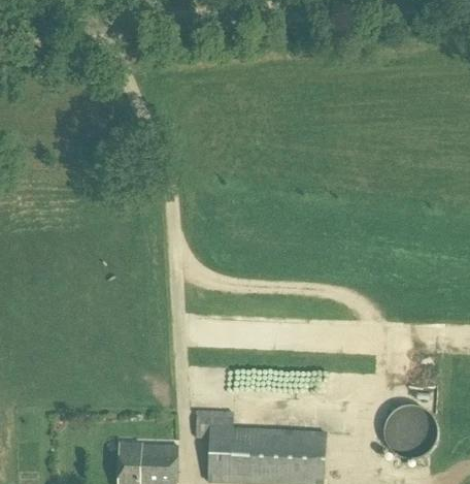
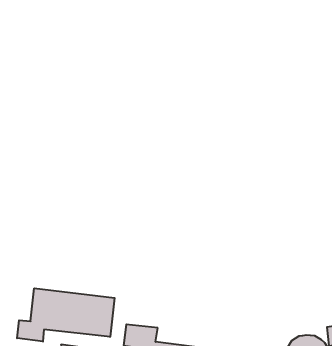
building: none -> [17,288,115,342]

